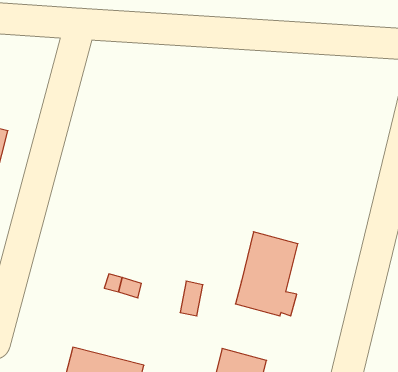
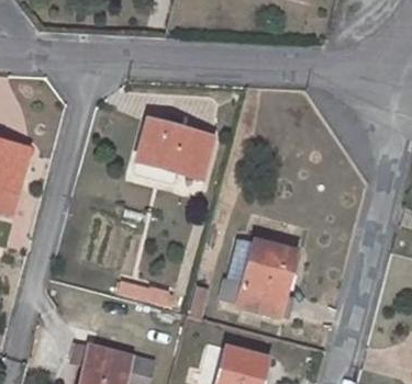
building: none -> [136,117,212,177]

